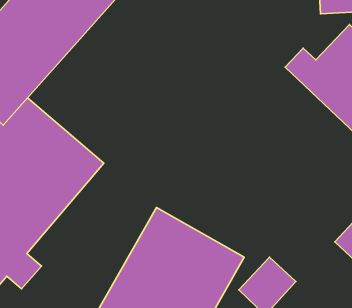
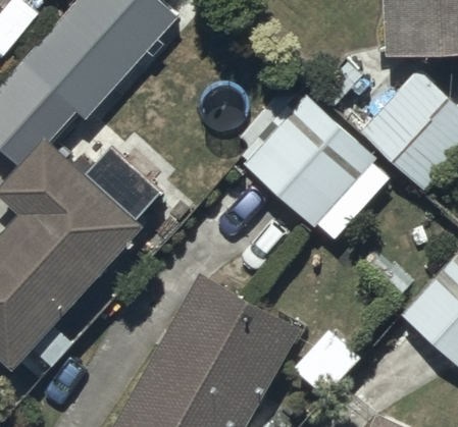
building: none -> [243,96,389,238]

